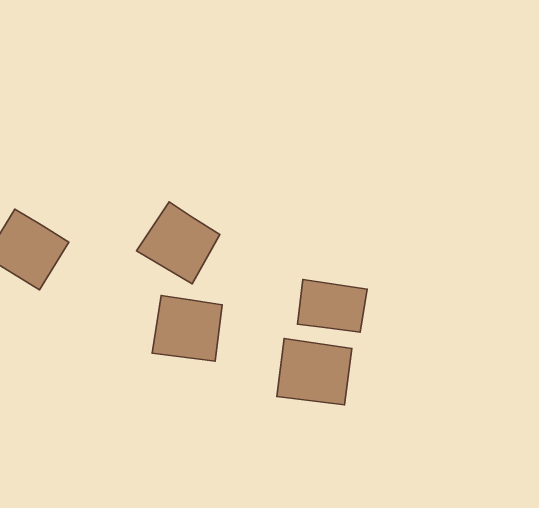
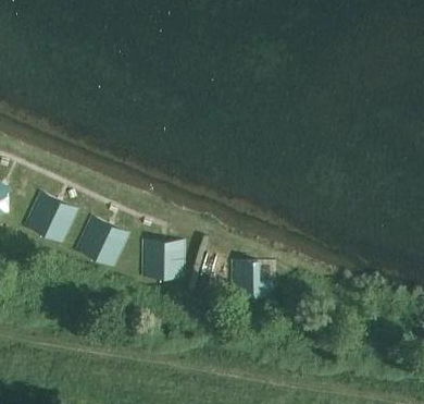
building: [137,202,220,284] -> [75,215,129,268]
building: [297,279,367,332] -> none

